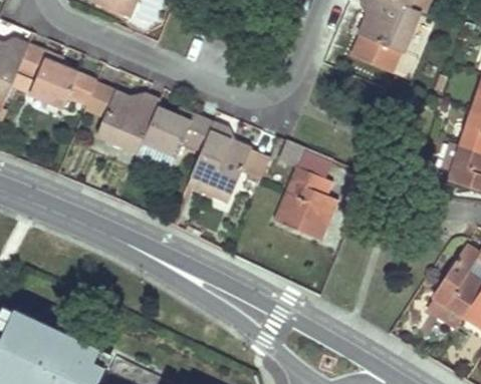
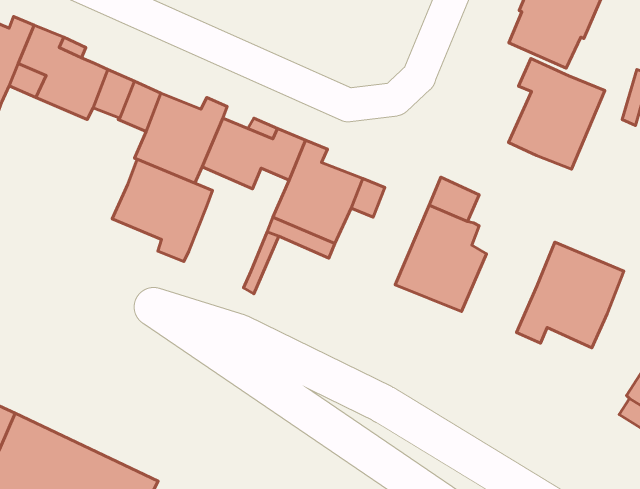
building: none -> [508,59,605,169]
building: none -> [112,159,213,262]
building: none -> [517,242,624,348]

